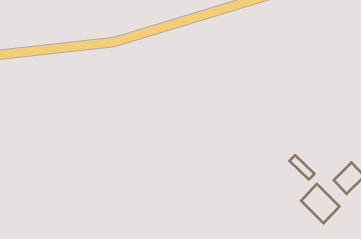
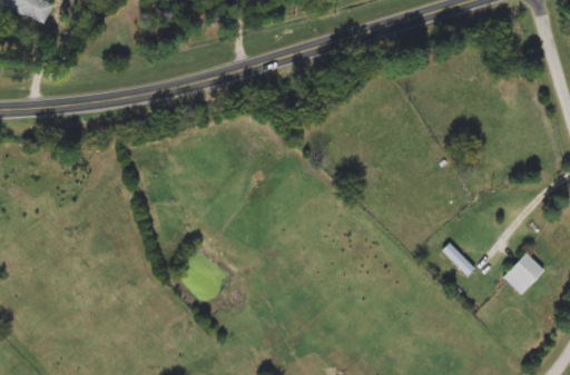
building: [301,184,339,223] -> none

